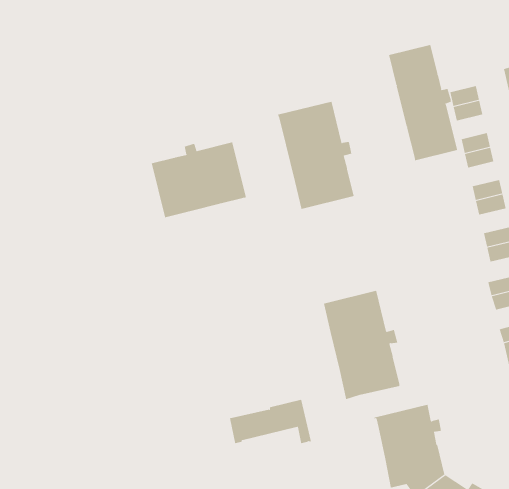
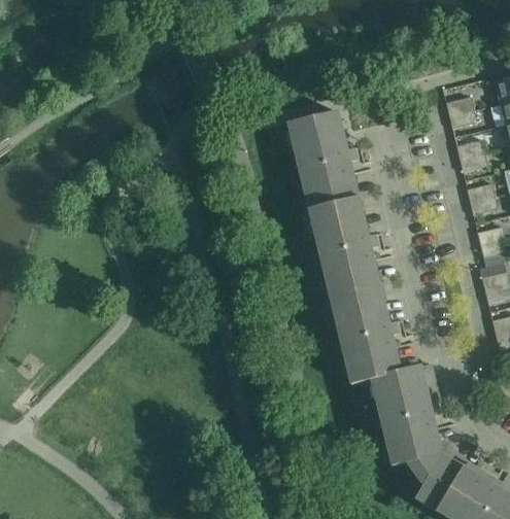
building: [388,44,458,161] -> none
building: [151,142,247,218] -> none
building: none -> [309,199,379,298]
building: [229,399,312,444] -> [364,365,440,406]

